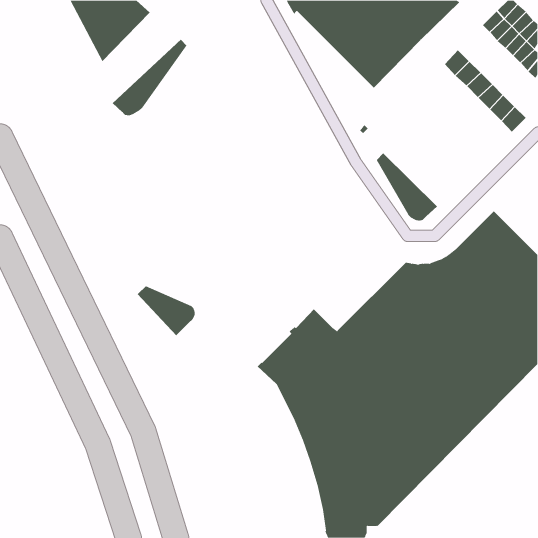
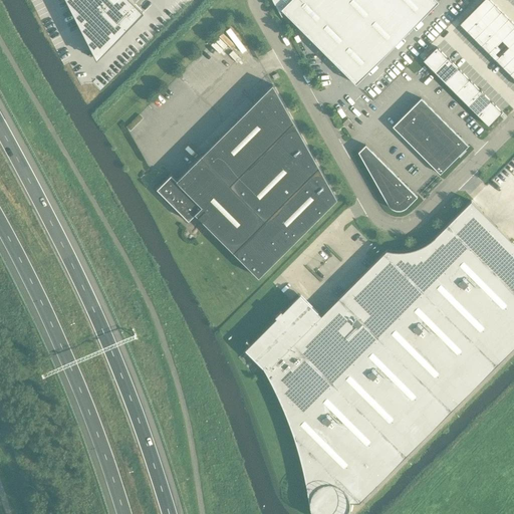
building: [112,39,187,116] -> none
building: none -> [157,85,337,277]
building: none -> [393,98,468,174]
building: [137,286,195,336] -> none

